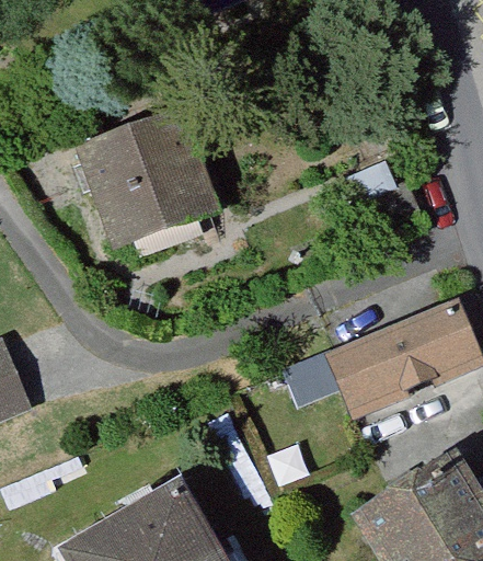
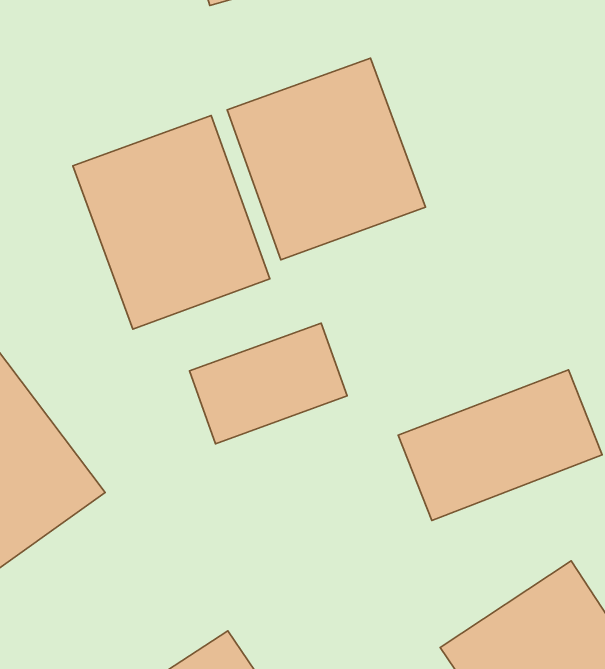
building: none -> [227,58,425,260]
building: none -> [189,323,347,444]

